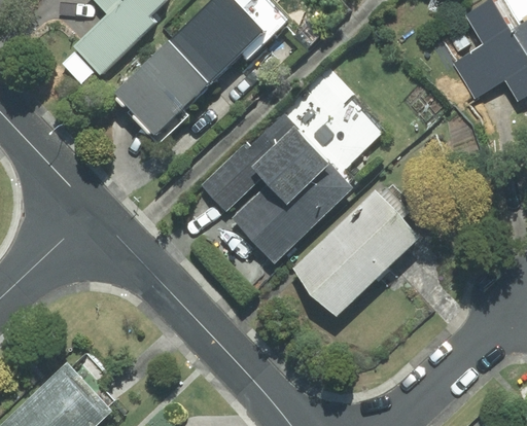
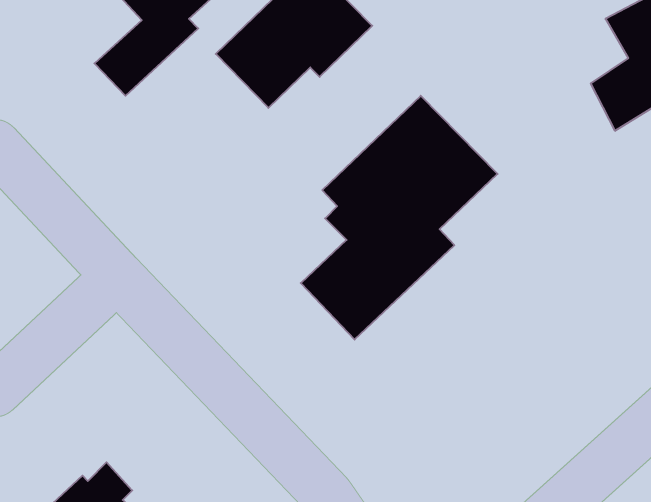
building: [112,42,208,143] -> none
building: [200,143,261,212] -> none
building: [292,193,417,315] -> none

